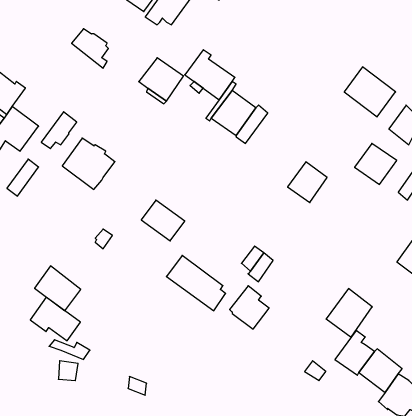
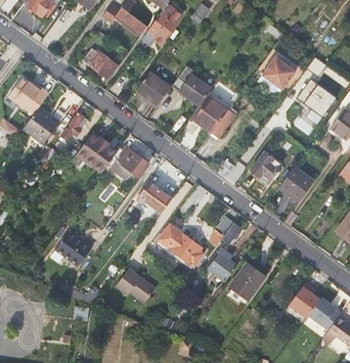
building: none -> [262,56,296,89]
building: [355,143,397,184] -> [279,167,312,198]
building: none -> [108,144,148,180]
building: [326,289,372,337] -> [229,263,265,301]
building: [30,297,80,341] -> [116,269,155,303]

